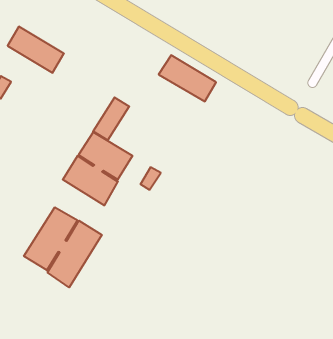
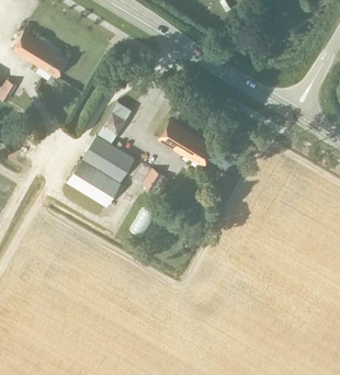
building: [159,55,216,101] -> [159,120,215,164]
building: [24,207,102,287] -> none

